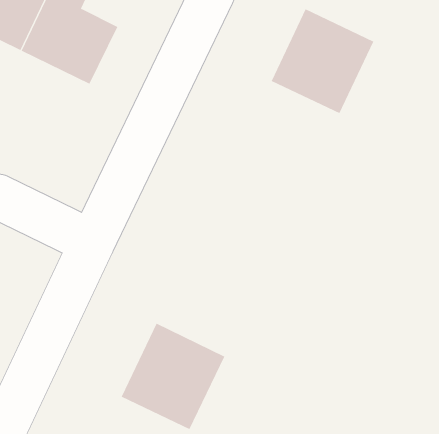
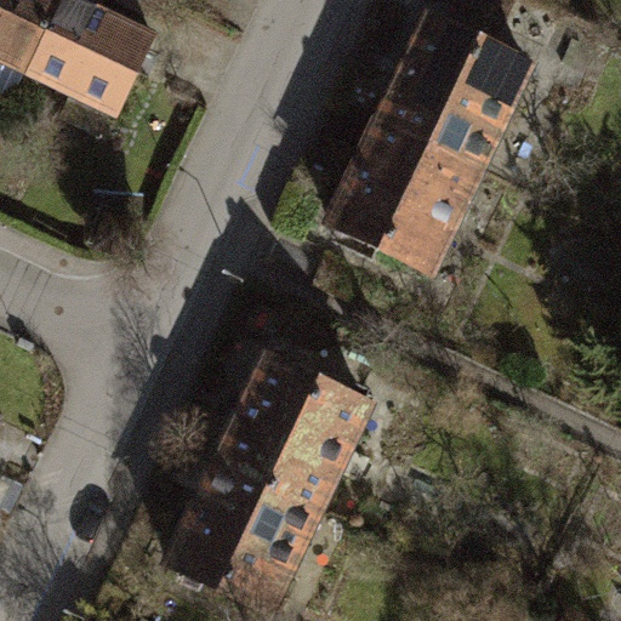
building: none -> [331,114,478,264]
building: none -> [220,352,366,501]

